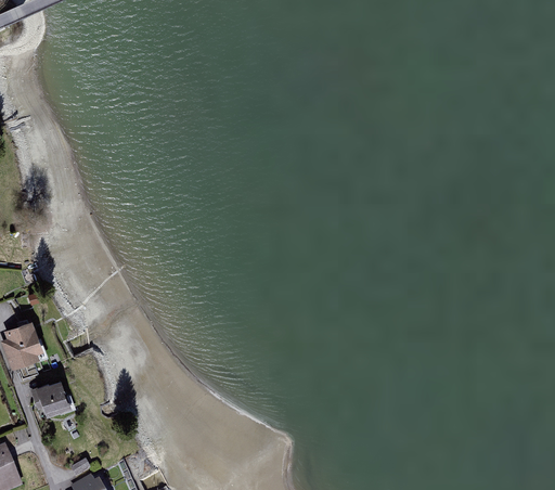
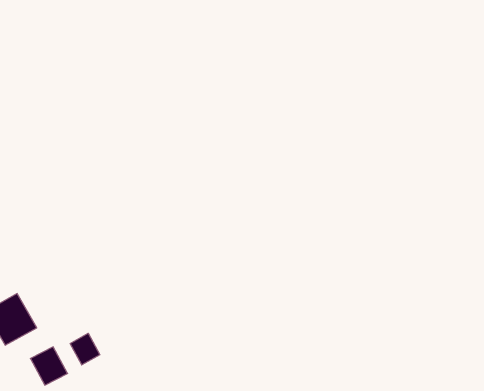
building: none -> [70,333,100,365]

